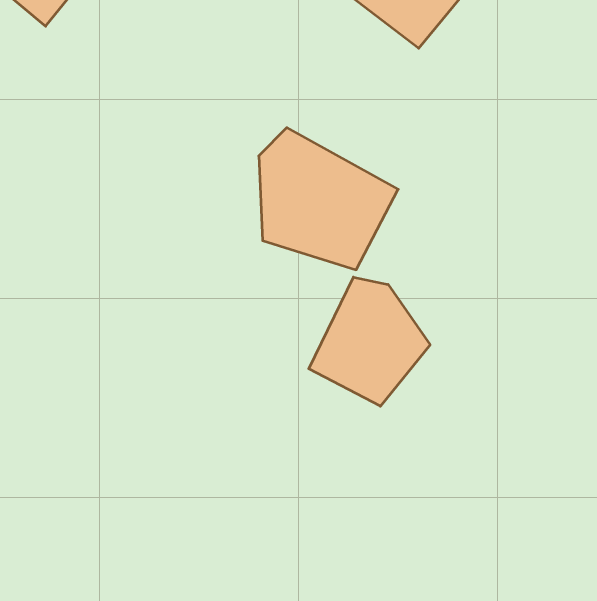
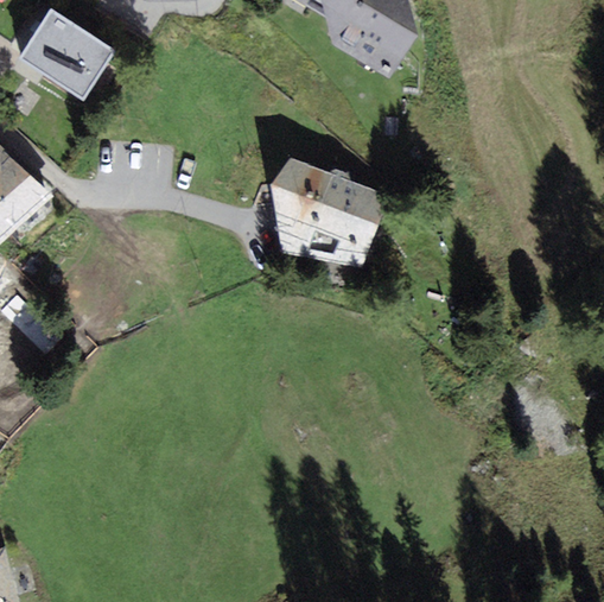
building: [309,277,430,406] -> none

